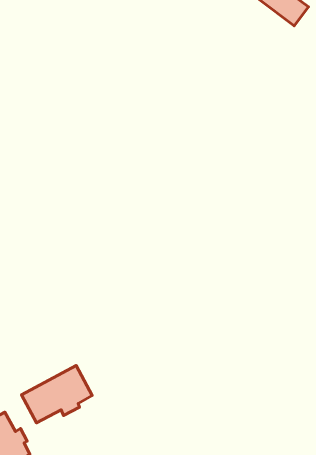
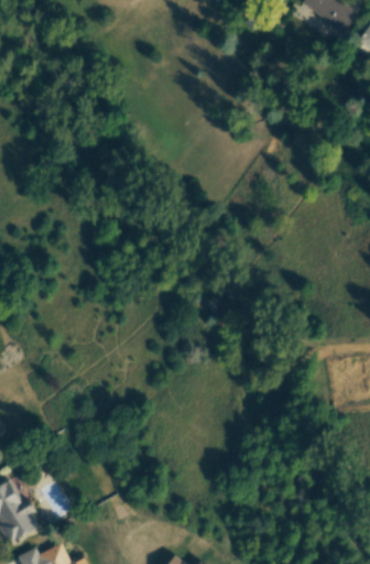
building: [22,365,92,423] -> none

